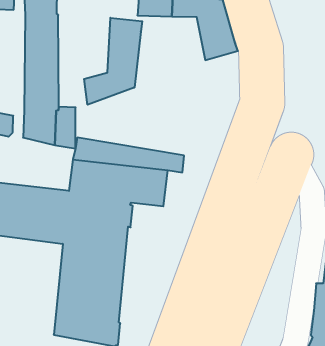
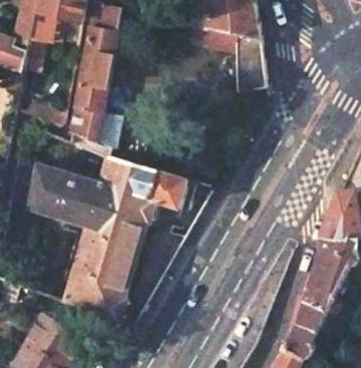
building: [84,18,142,105] -> none

